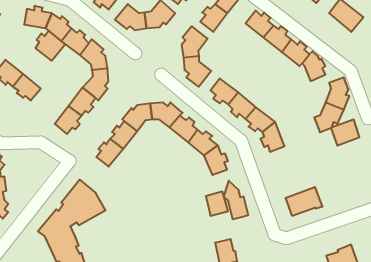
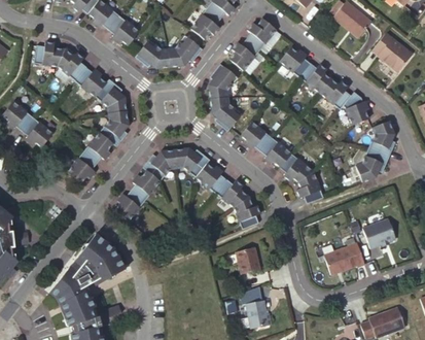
building: [36,31,65,61] -> none
building: [331,120,359,146] -> [363,218,395,247]
building: [224,181,248,219] -> none

